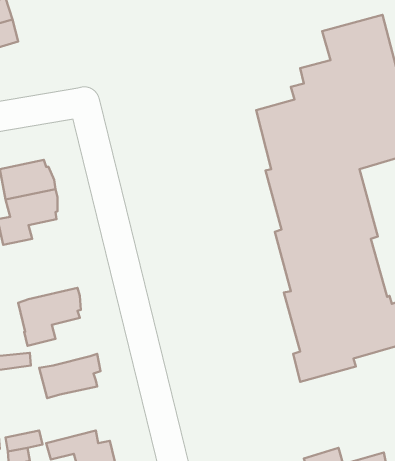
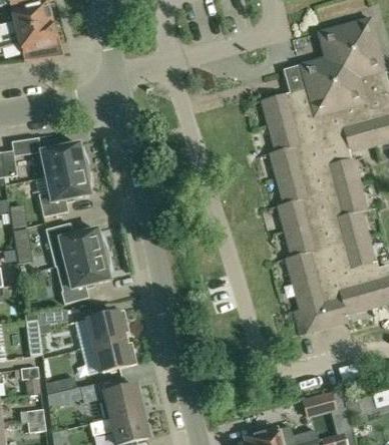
building: none -> [45,223,107,266]
building: none -> [92,338,137,373]

